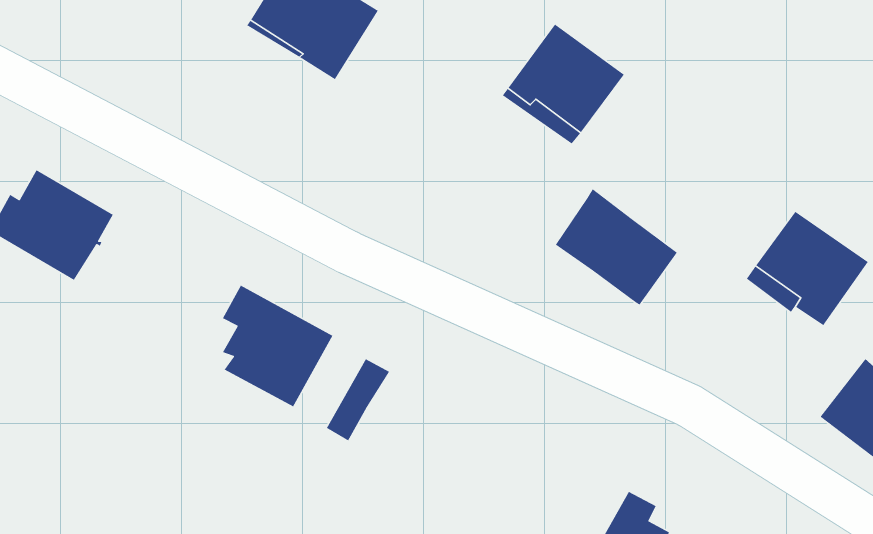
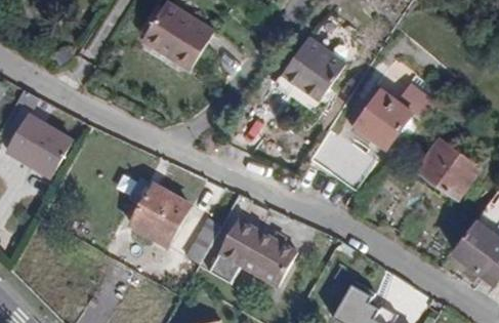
building: none -> [351,73,435,152]
building: none -> [209,218,296,299]

